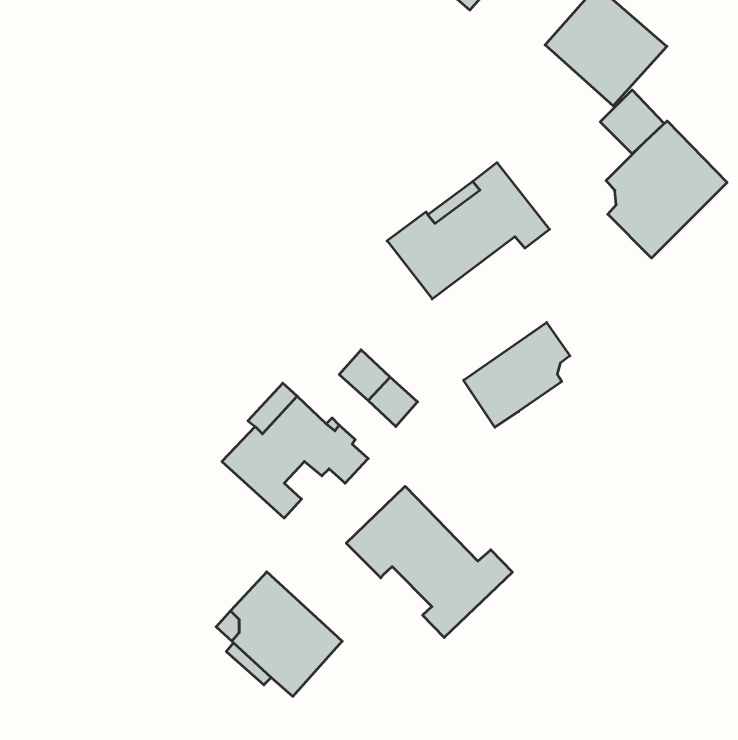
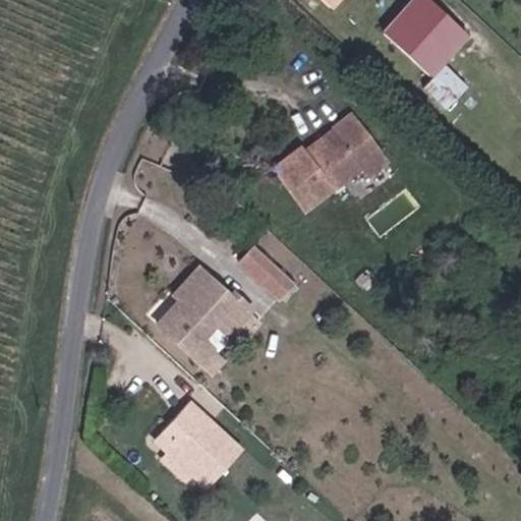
building: [606,121,727,258] -> none
building: [464,322,570,427] -> none
building: [346,486,512,638] -> none

